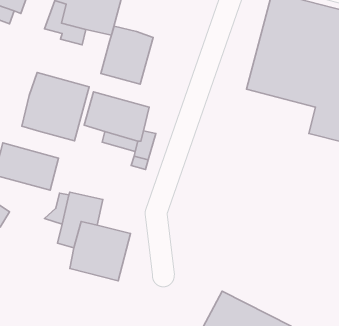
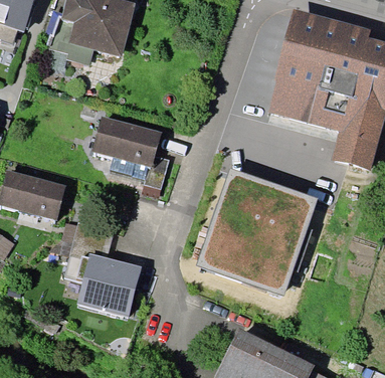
building: [101,26,153,84] -> none
building: [22,72,89,141] -> none
building: none -> [197,169,319,296]

